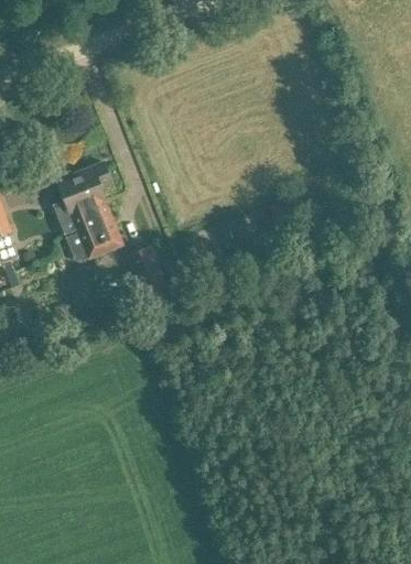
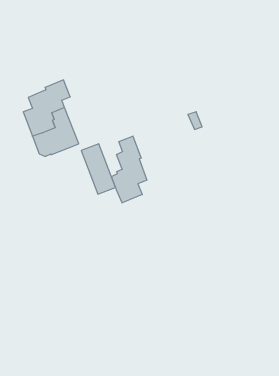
building: none -> [111,136,147,203]

